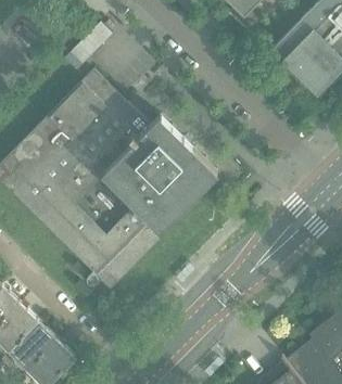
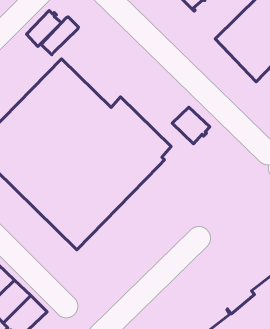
building: none -> [26,11,61,46]
building: none -> [172,107,210,144]

